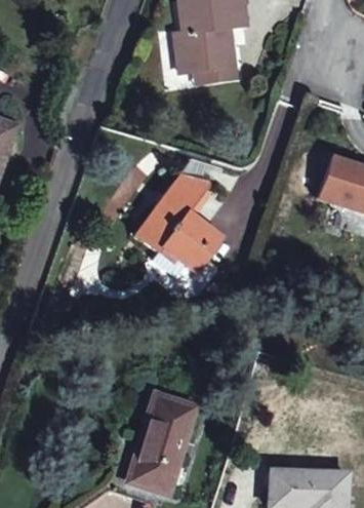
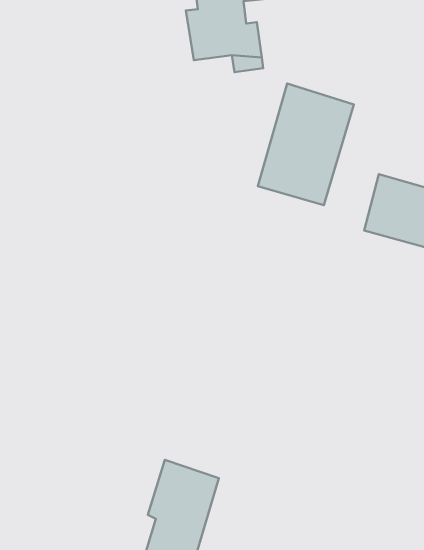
building: none -> [258,84,354,205]
building: [136,178,220,273] -> none

